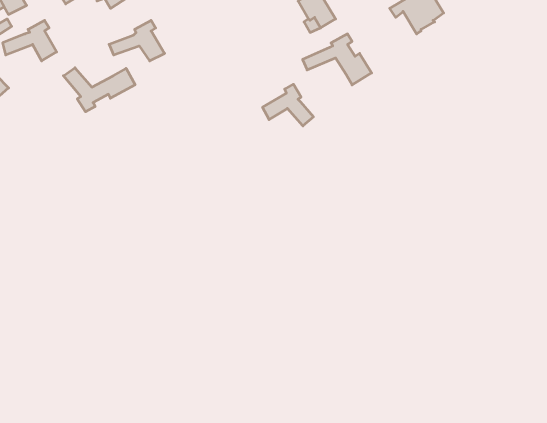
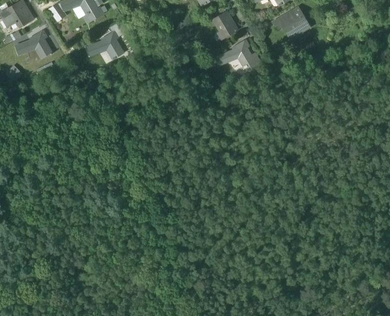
building: [63,68,135,112] -> none
building: [263,84,313,126] -> none

